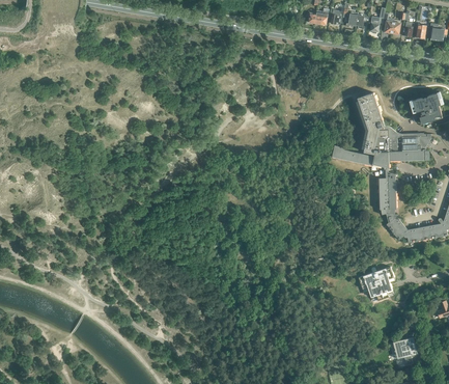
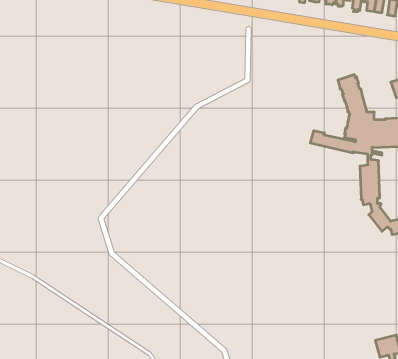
building: [358,267,397,300] -> none

